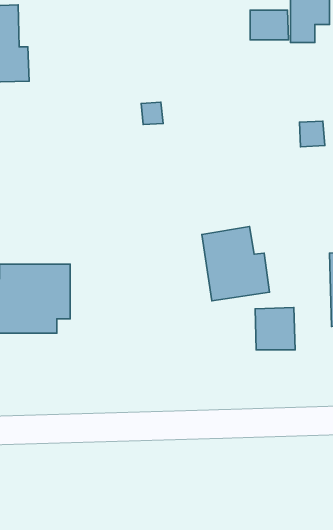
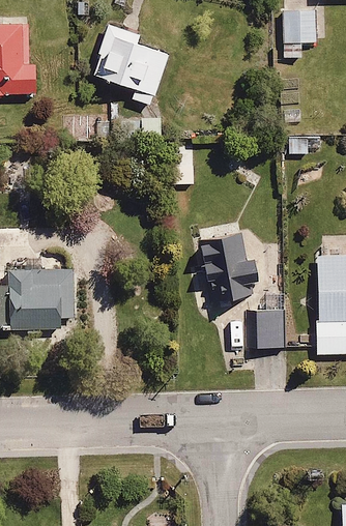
building: none -> [93,25,166,104]
building: [250,10,289,40] -> none

